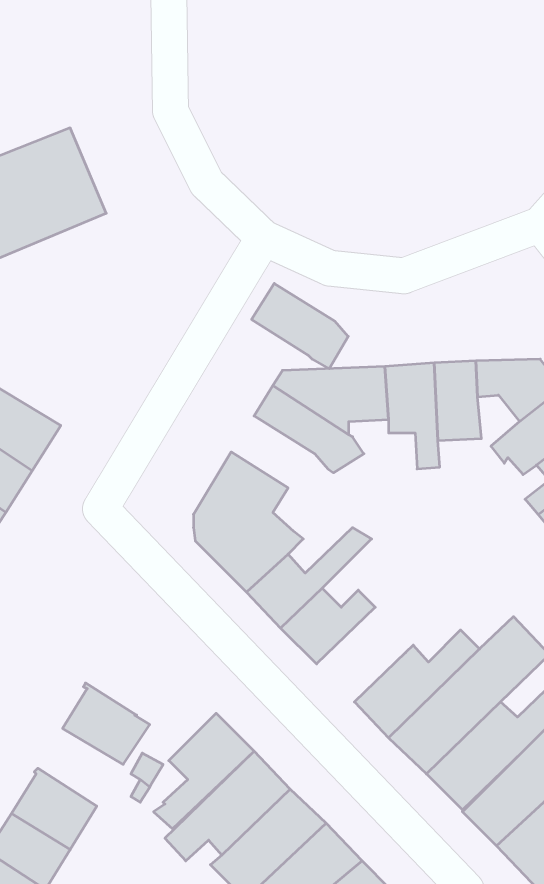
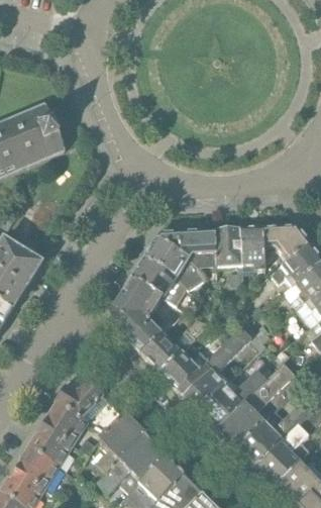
building: [252,283,348,369] -> [132,256,184,301]
building: none -> [178,321,264,408]
building: none -> [55,378,109,419]
building: none -> [29,422,75,464]

